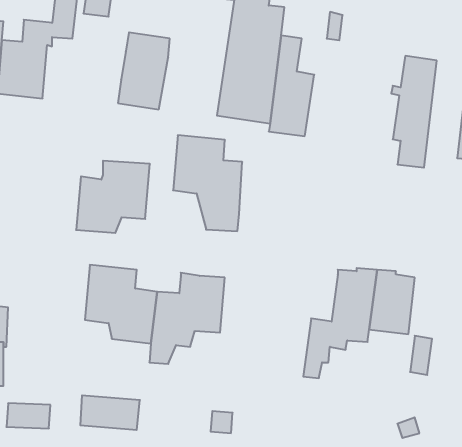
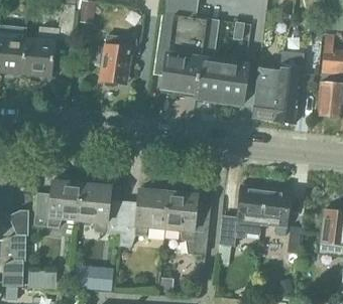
building: none -> [219,61,248,105]
building: none -> [252,66,280,119]
building: [173,135,242,231] -> [164,191,209,253]
building: [76,161,150,233] -> [33,181,81,227]

